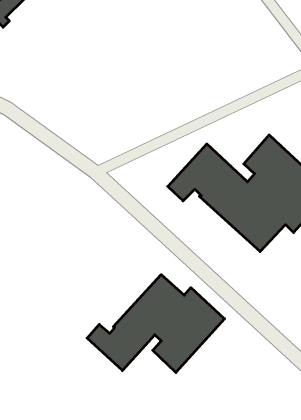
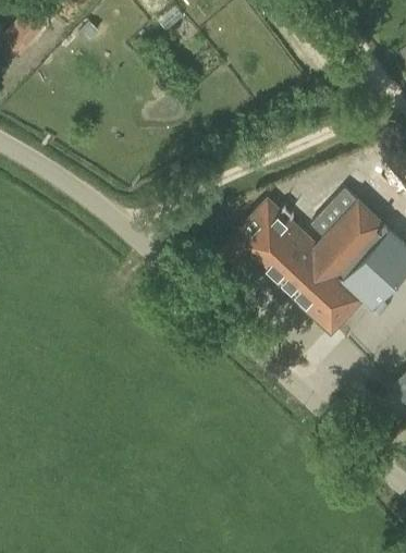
building: [87,275,225,373] -> none

